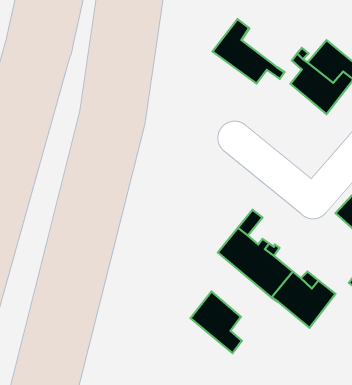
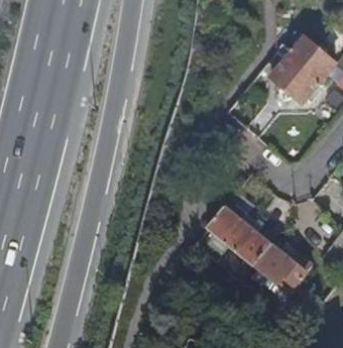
building: [212,19,285,83] -> none
building: [191,292,242,353] -> none

